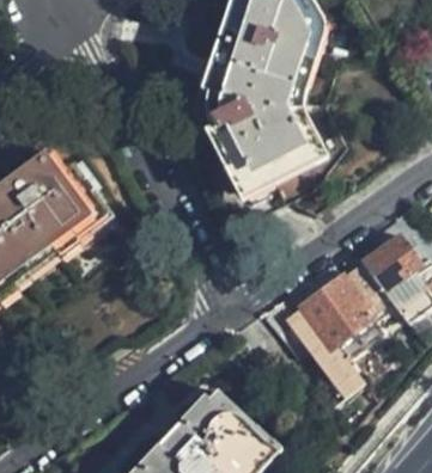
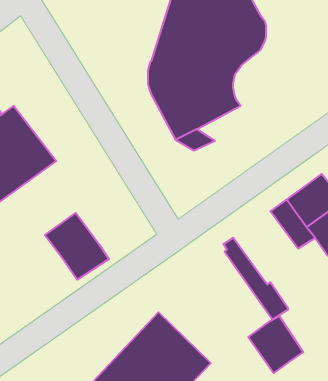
building: [300,274,373,346] -> none
building: none -> [45,213,109,280]
building: none -> [248,316,303,373]

